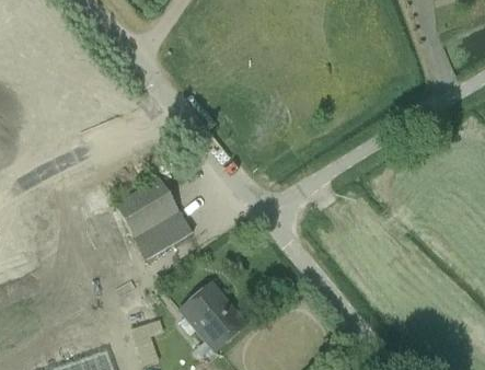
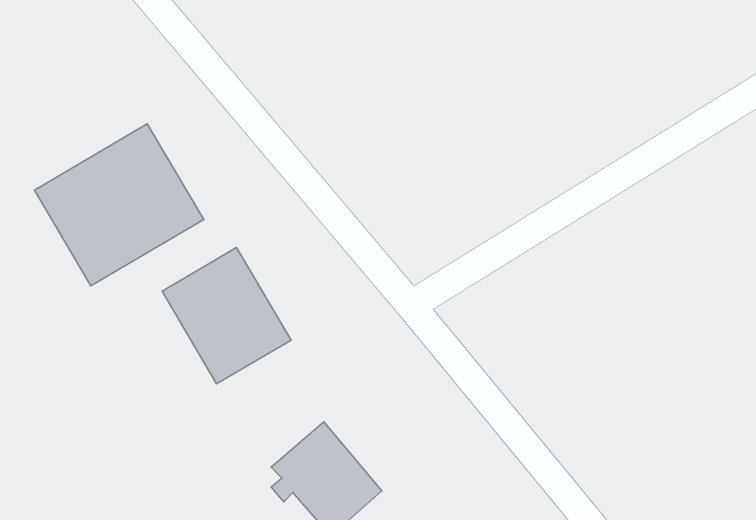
building: none -> [34,124,204,286]

